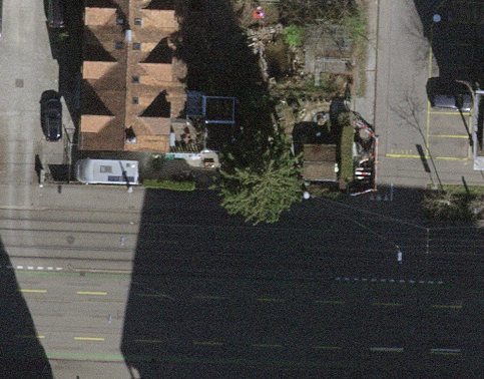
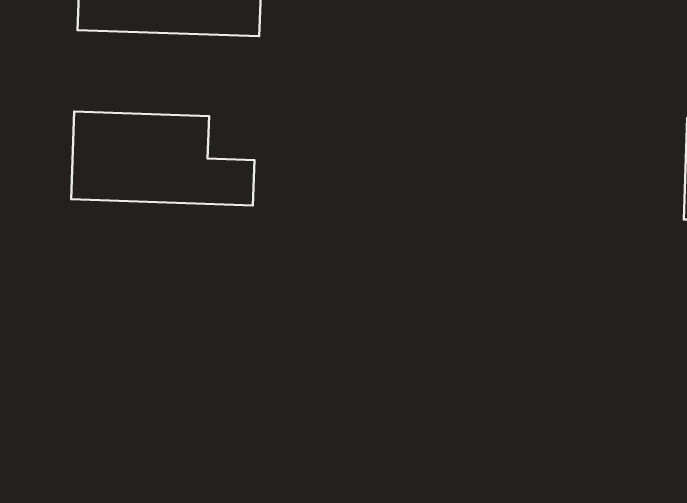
building: [91,43,209,98] -> none

